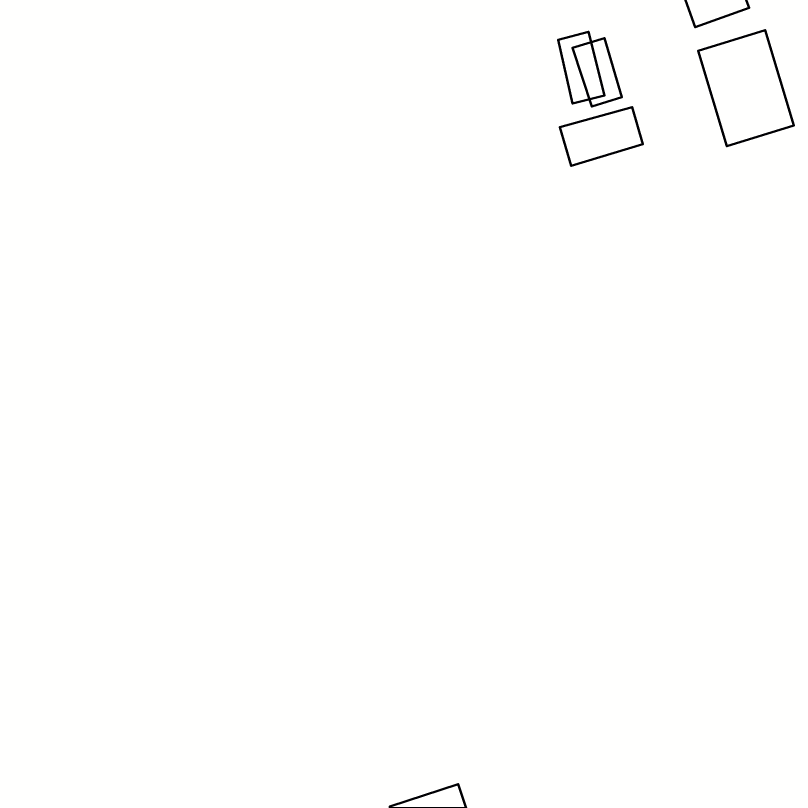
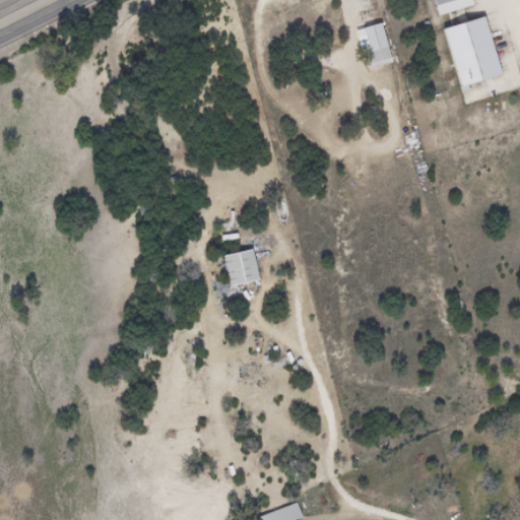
building: [560,107,643,166] -> none
building: none -> [214,246,253,284]

